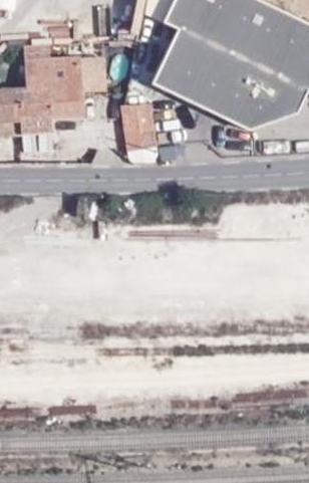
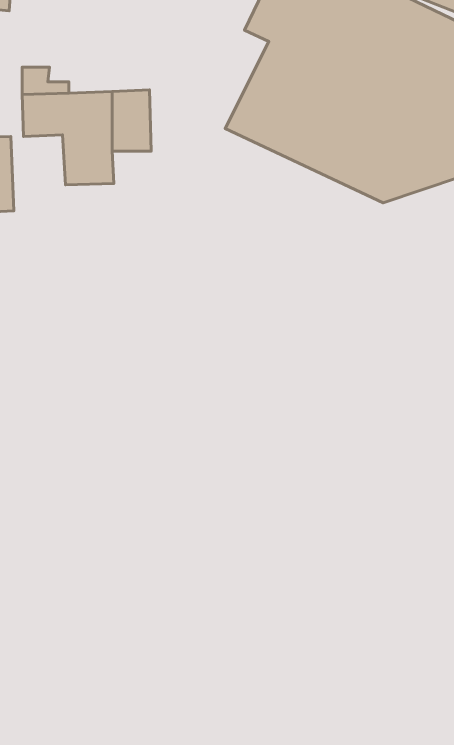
building: [16,86,51,134] -> none
building: [121,102,158,150] -> none

